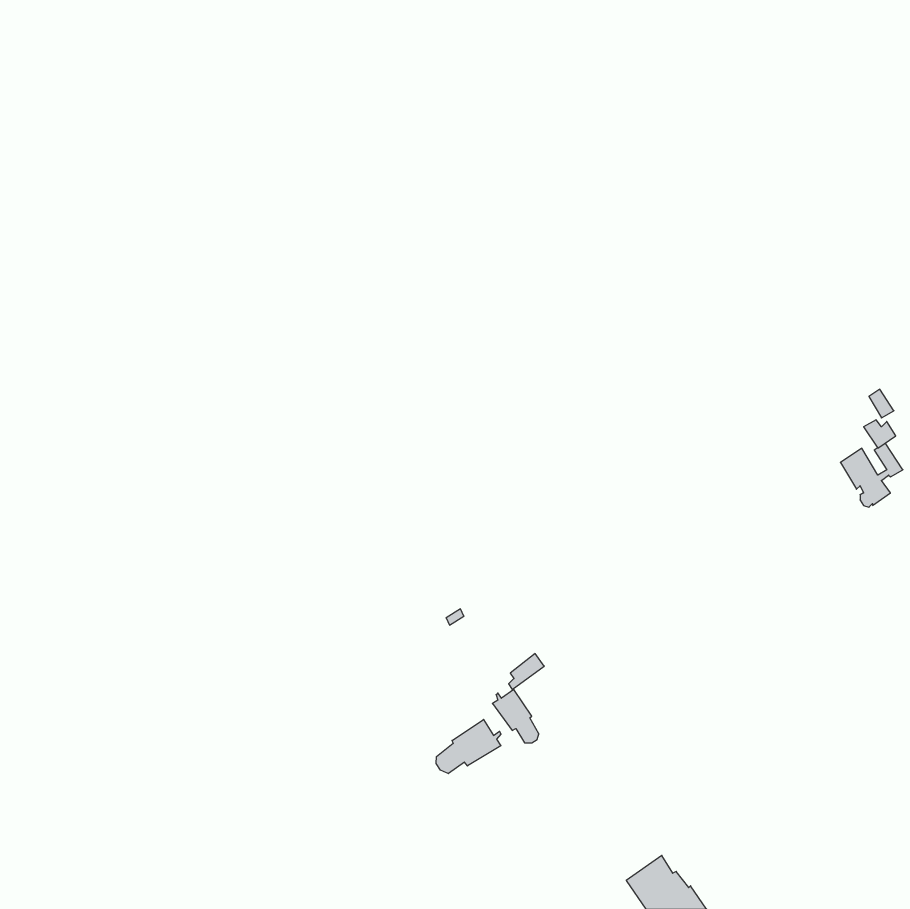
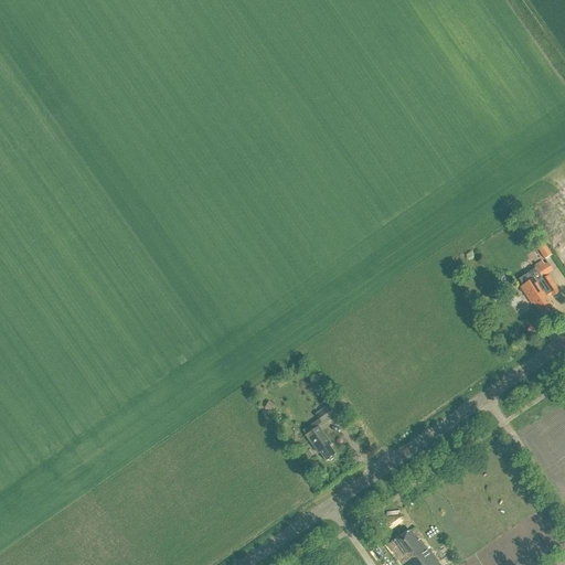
building: [436,719,501,774] -> none

